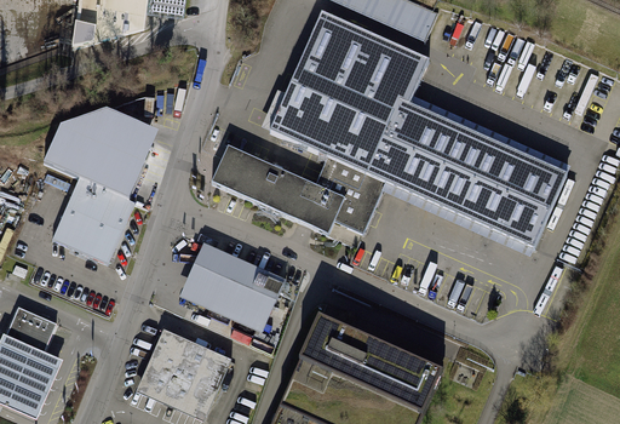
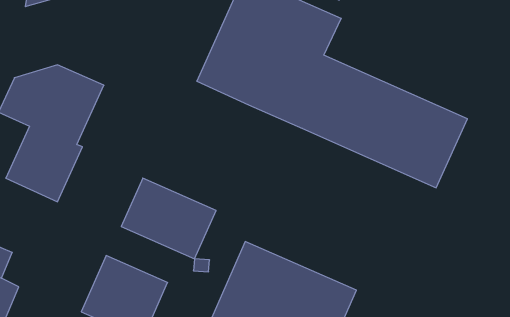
building: [211,144,384,233] -> none

